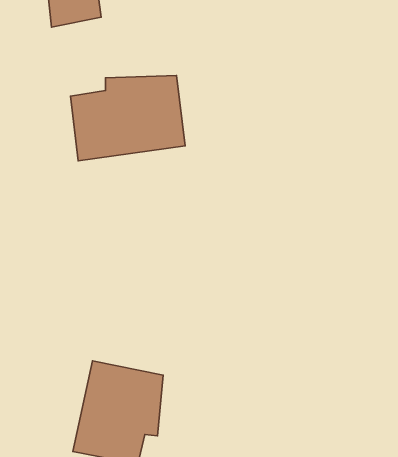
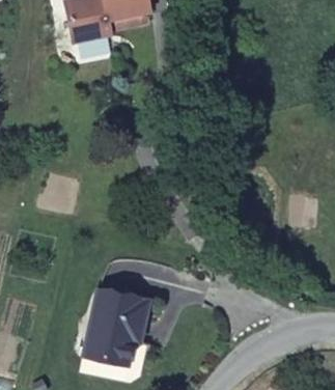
building: [70,75,185,161] -> none

